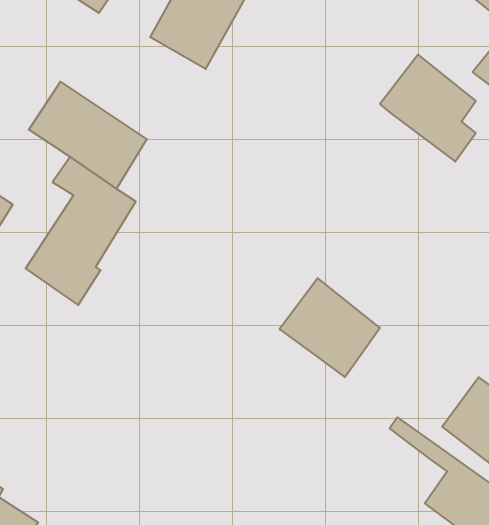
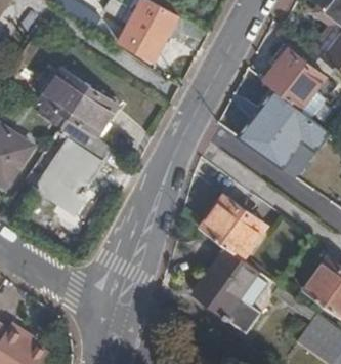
building: none -> [237,88,327,167]
building: none -> [194,245,267,331]

